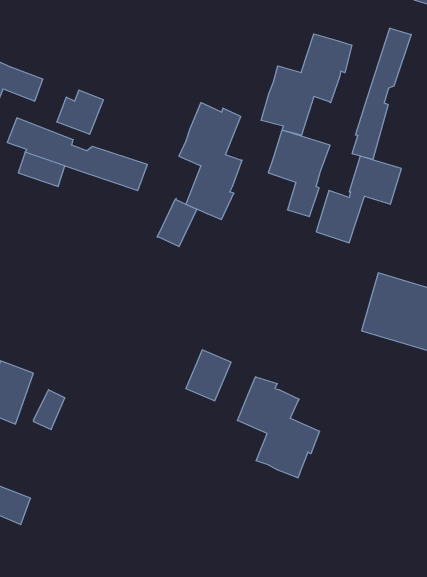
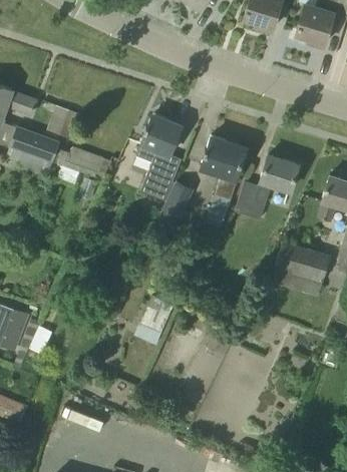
building: [352,28,411,160] -> none
building: [261,34,352,135] -> none
building: [157,198,197,247] -> [163,181,193,216]
building: [237,377,320,478] -> none

